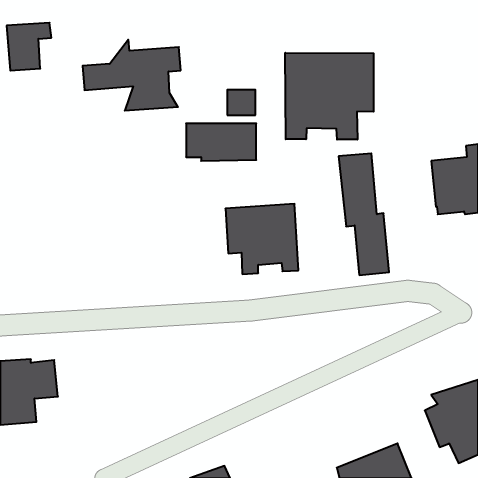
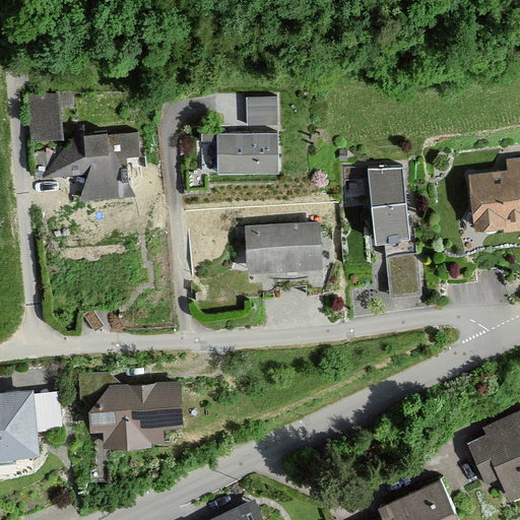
building: [7,23,51,71] -> [26,90,75,142]
building: [83,40,181,111] -> [34,124,140,201]
building: [285,53,374,140] -> none
building: none -> [78,372,184,450]

